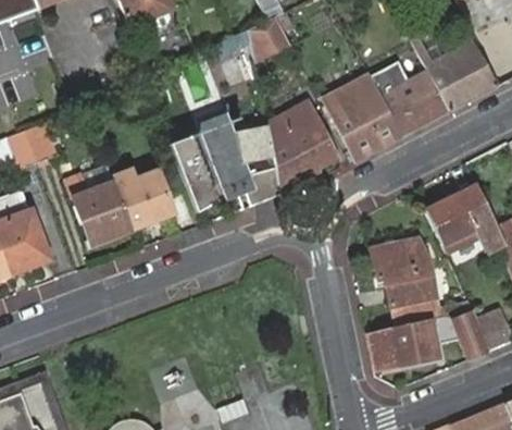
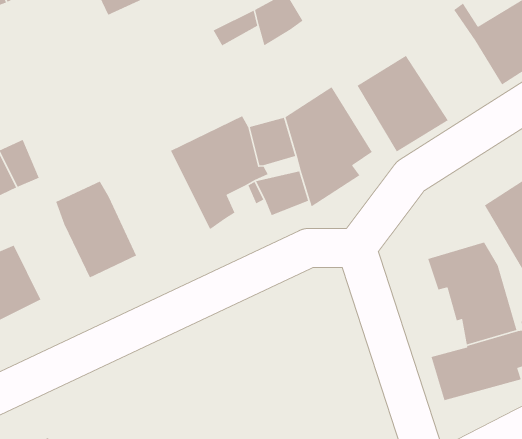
building: [369,61,448,137] -> none
building: [114,169,175,226] -> none

